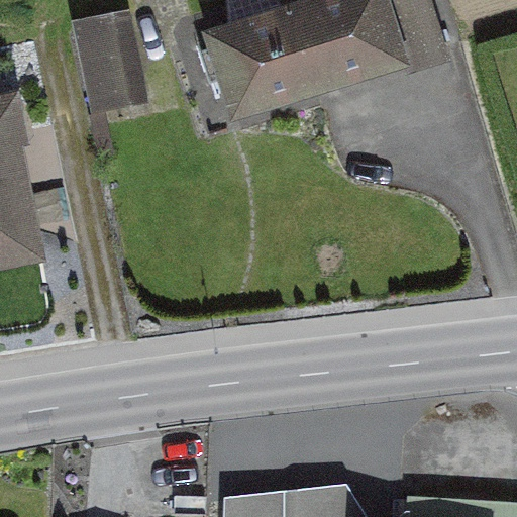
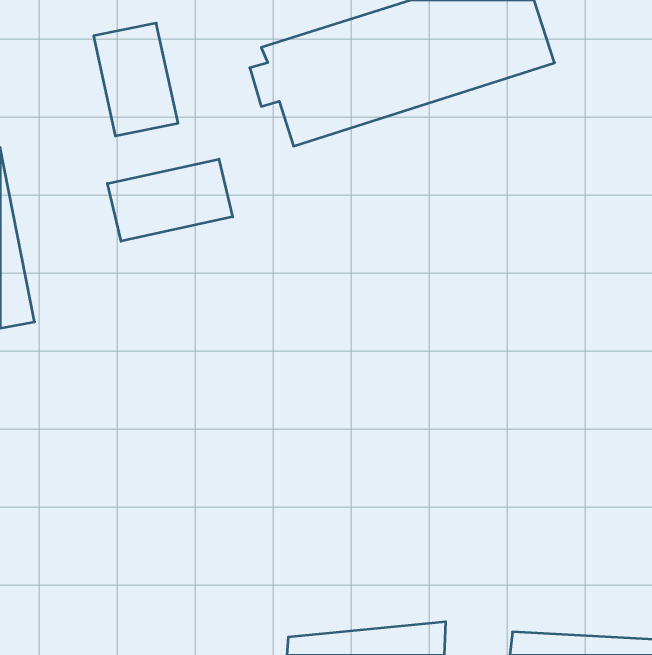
building: none -> [107,159,233,241]

